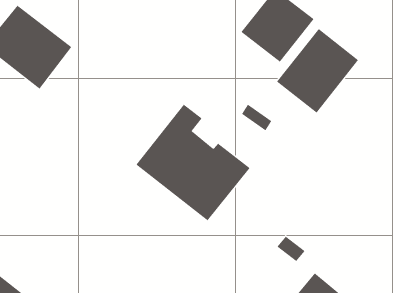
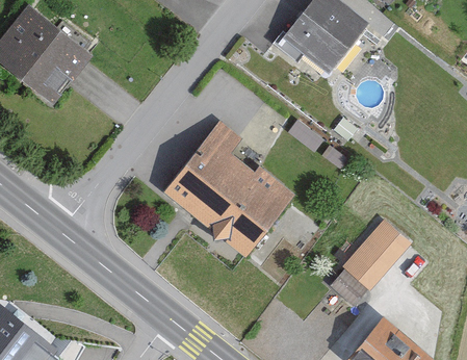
building: [276,28,359,114] -> none
building: none -> [340,222,403,287]

